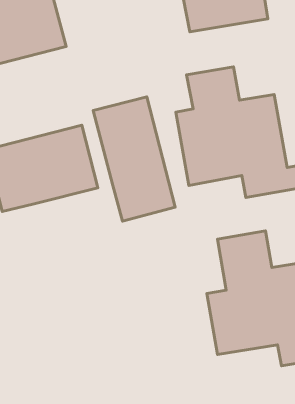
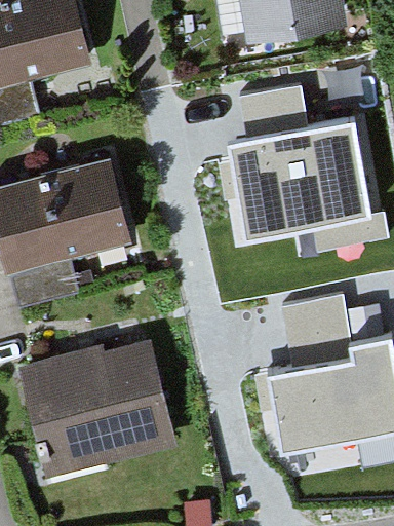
building: [93,97,175,221] -> none
building: none -> [17,341,175,479]

